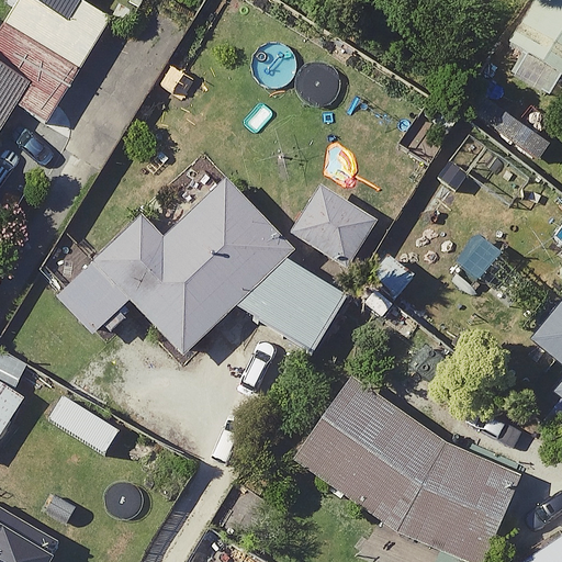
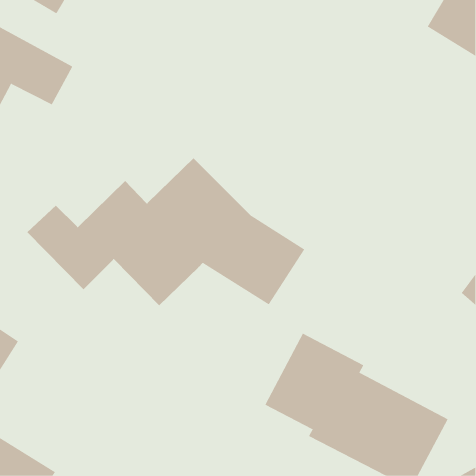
building: [285,181,374,266] -> none

